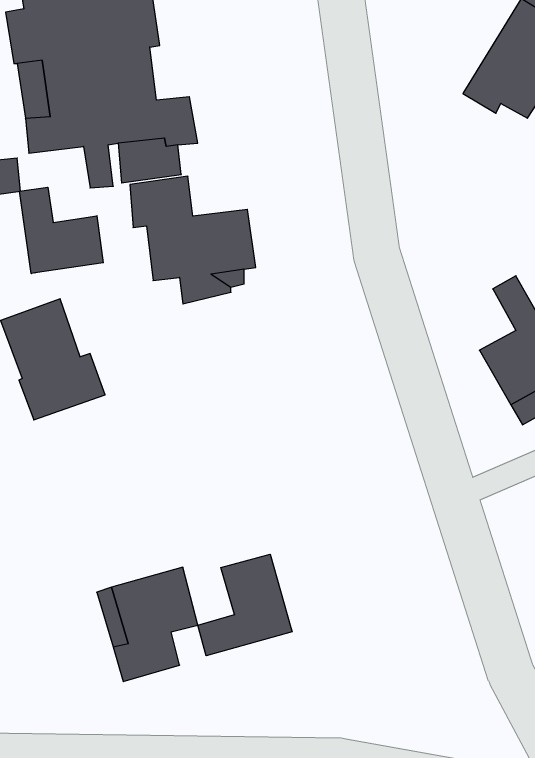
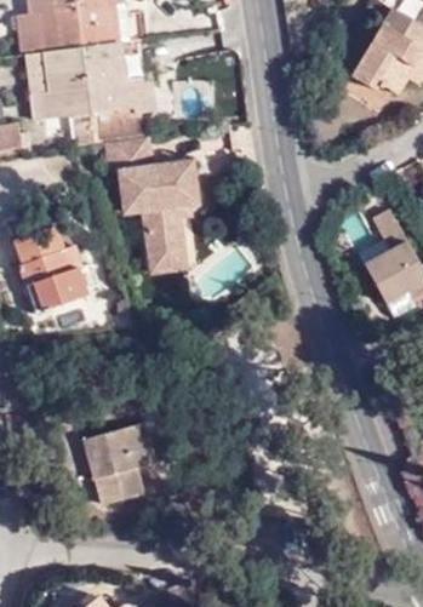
building: [19,187,103,274] -> none
building: none -> [145,222,187,274]
building: [198,554,292,656] -> none

